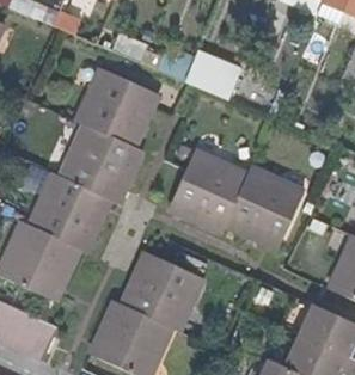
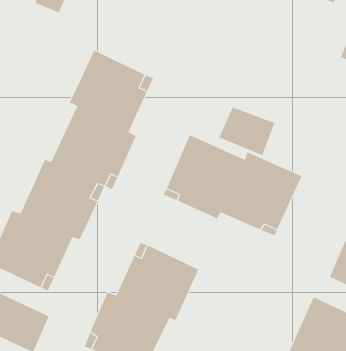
building: [184,49,239,97] -> [219,107,275,156]

